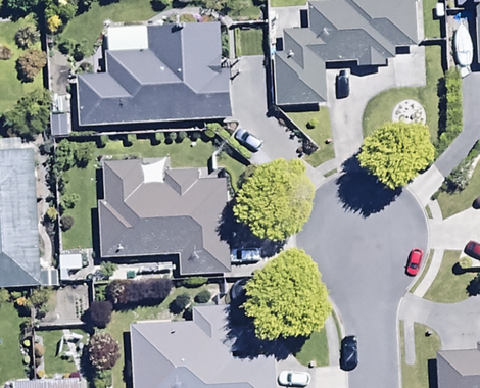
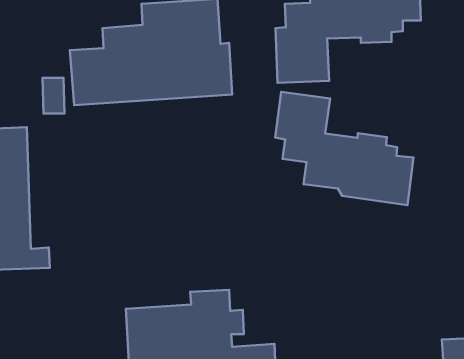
building: none -> [275,92,414,205]
building: [99,159,239,272] -> none

